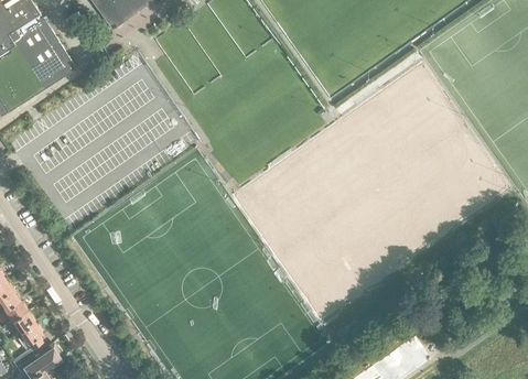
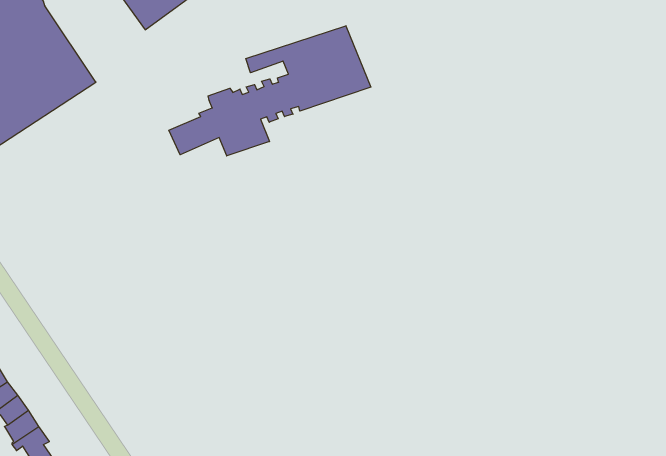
building: none -> [169,26,371,156]

